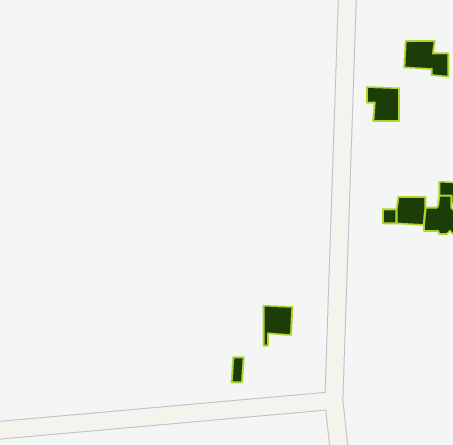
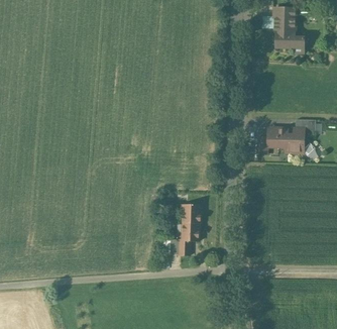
building: [367,87,399,121] -> [273,6,295,28]
building: none -> [180,221,199,253]

